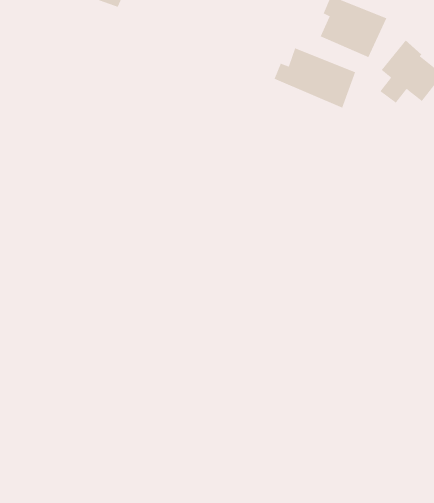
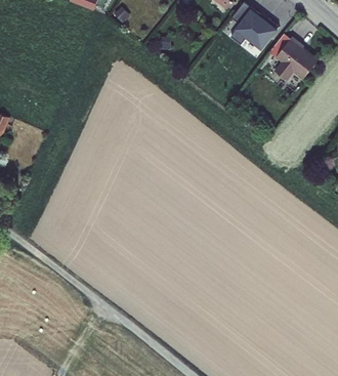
building: [274,48,356,108] -> none

